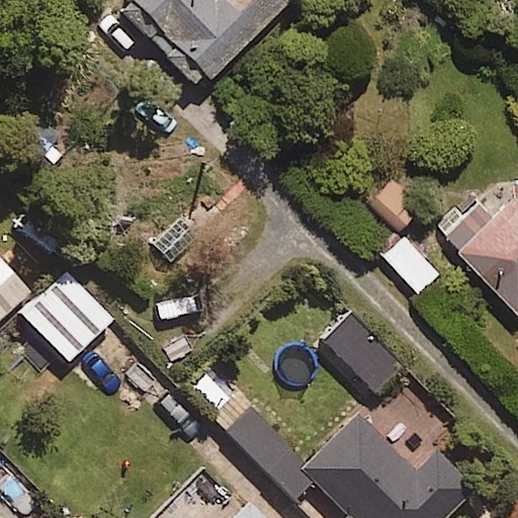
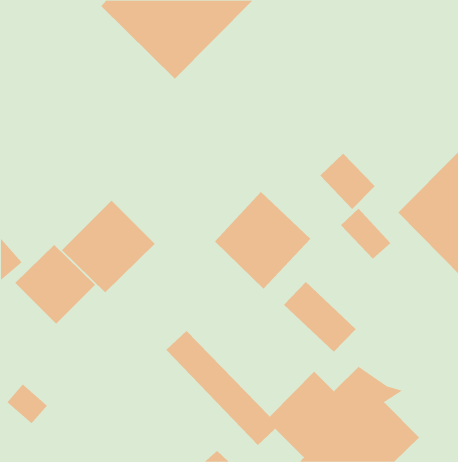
building: none -> [214,191,311,289]
building: none -> [61,200,156,293]

